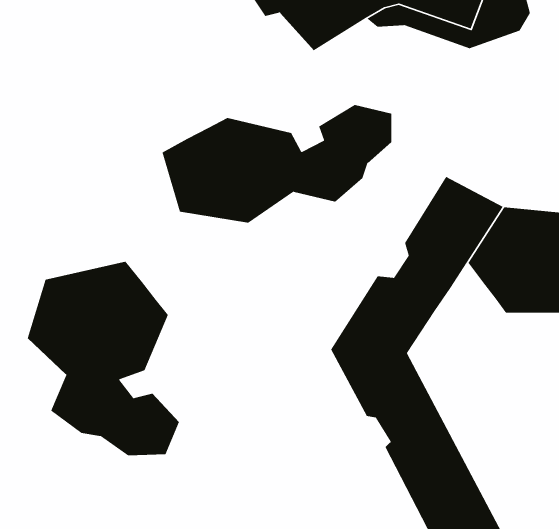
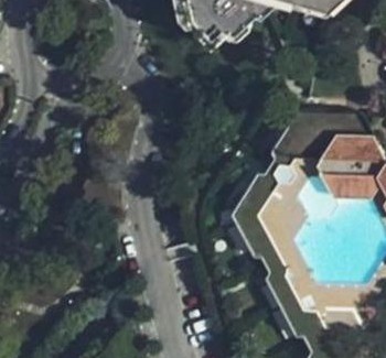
building: [161,104,392,223] -> none
building: [27,261,180,456] -> none

